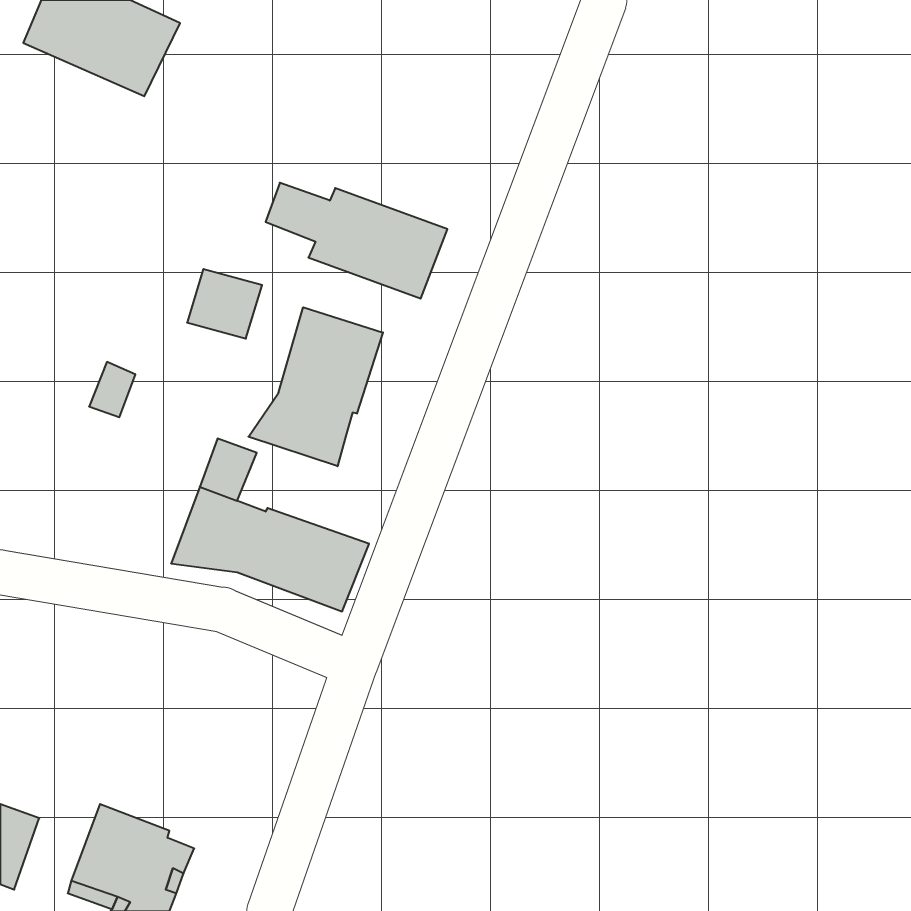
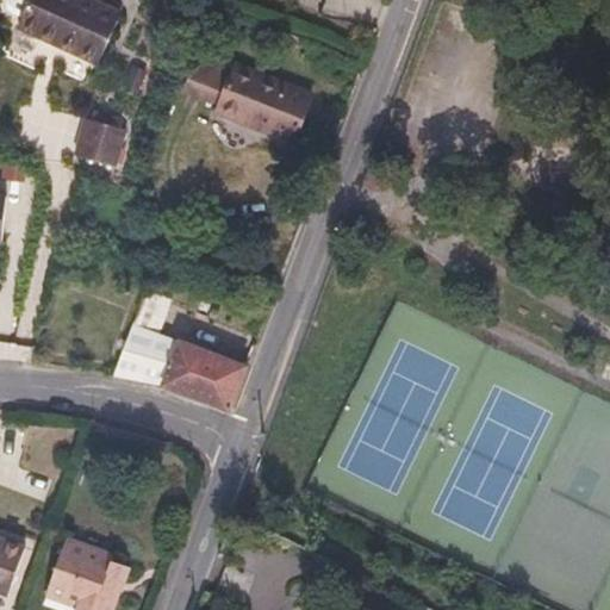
building: [266,183,447,299] -> [188,63,310,141]
building: [187,269,262,339] -> [76,122,126,168]
building: [248,307,383,466] -> none

